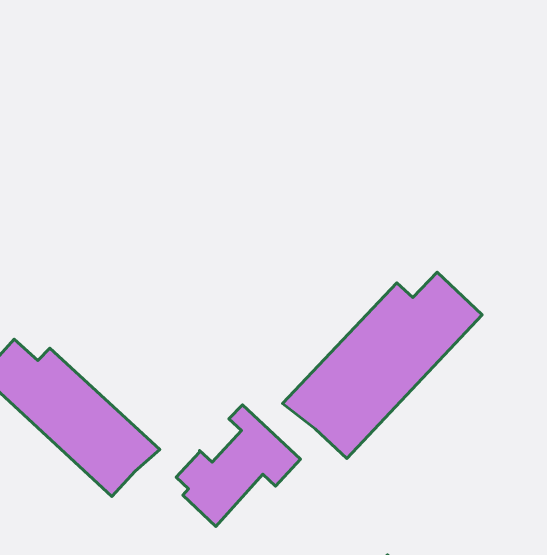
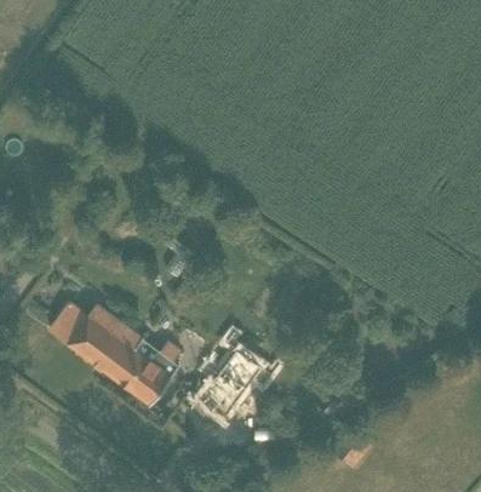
building: [282,272,482,459] -> none

